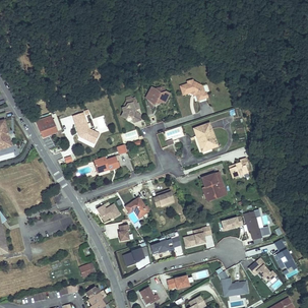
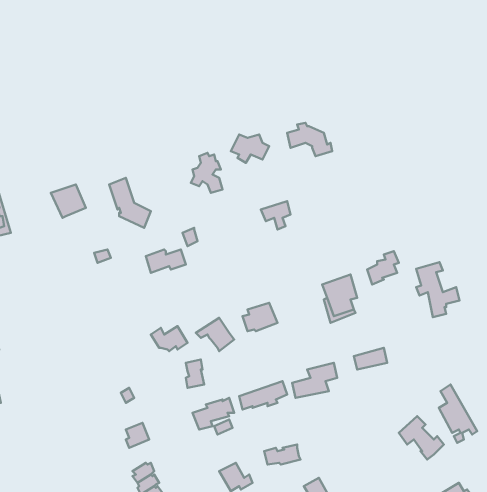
building: [193,122,217,150] -> none
building: [243,209,269,243] -> [416,262,460,317]
building: [218,270,248,296] -> none

